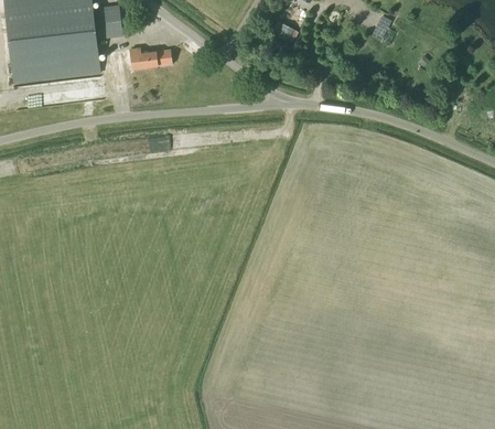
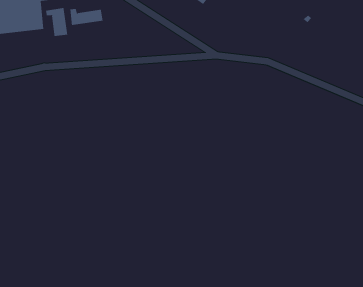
building: none -> [45,7,68,37]

